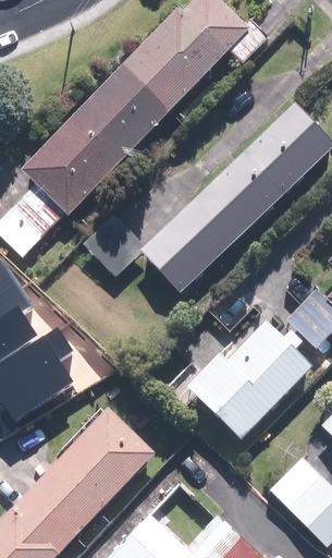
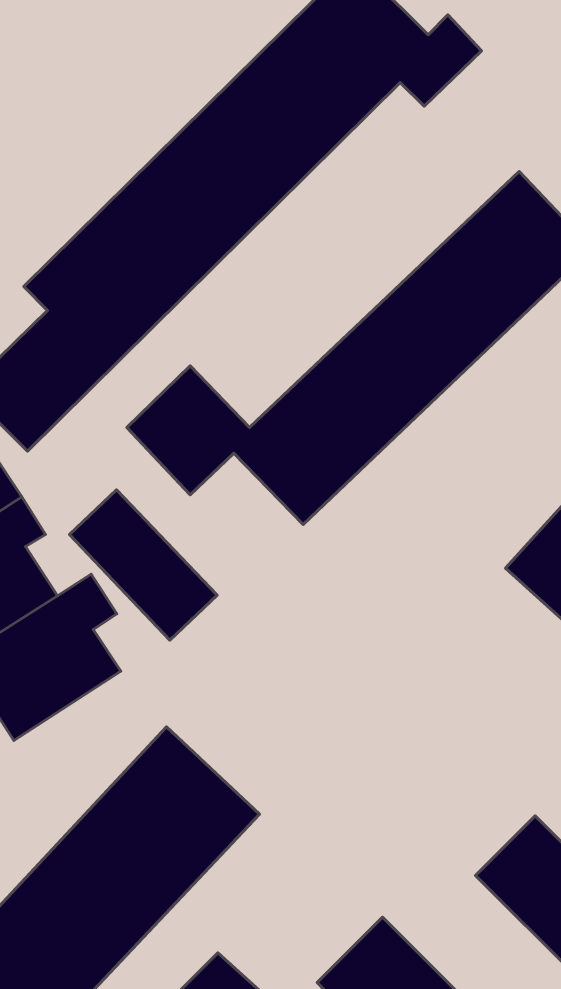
building: none -> [69,490,217,640]
building: [163,314,310,441] -> none

